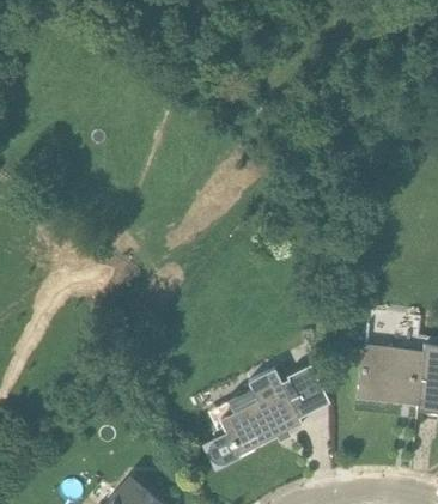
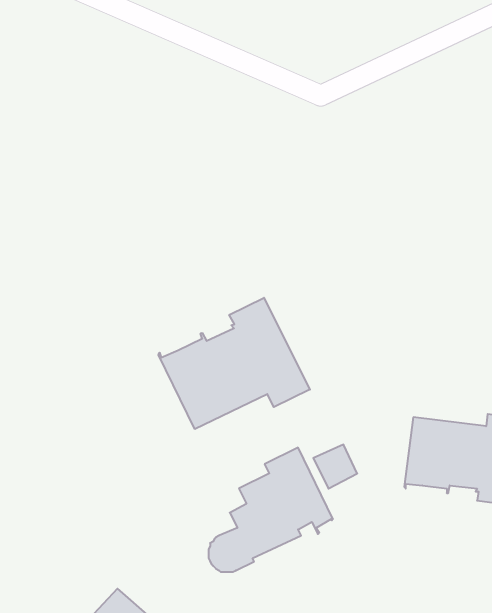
building: none -> [159,298,310,429]

